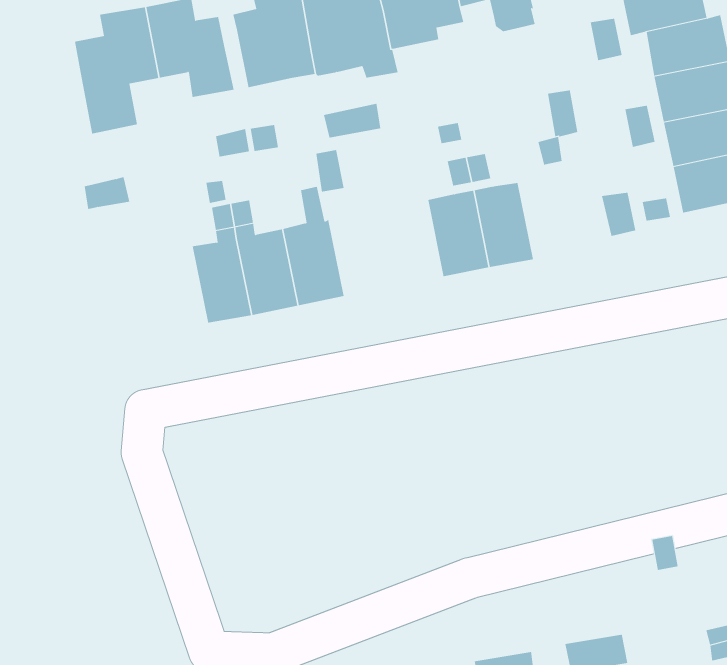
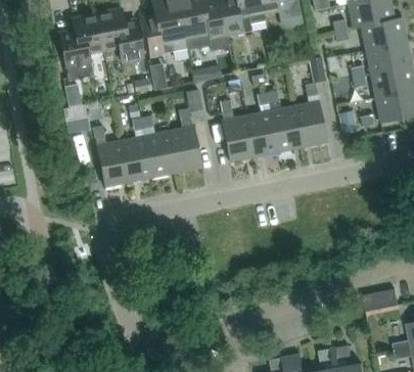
building: none -> [220,100,254,161]
building: none -> [293,101,326,147]
building: none -> [92,126,129,186]

